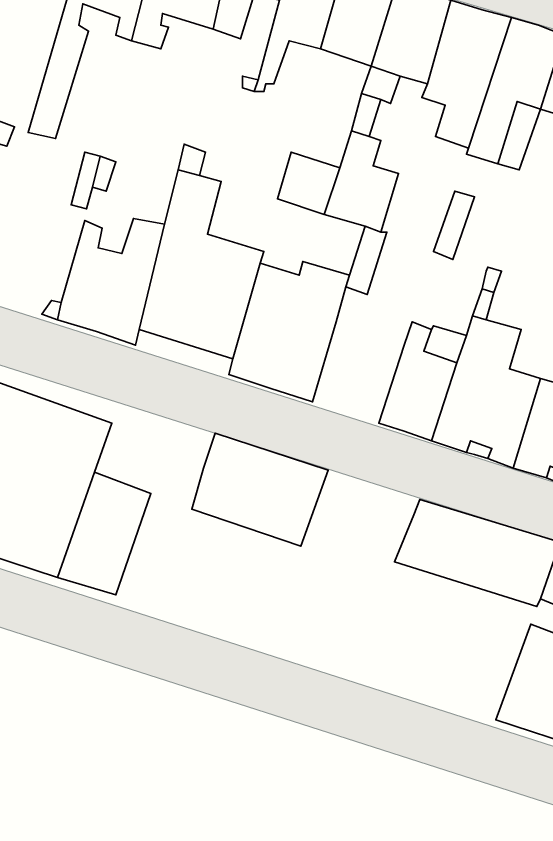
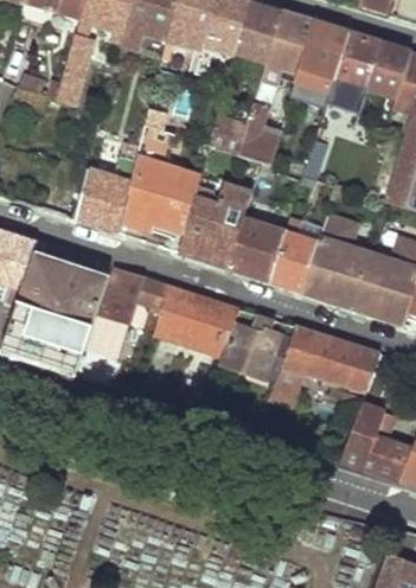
building: none -> [230,218,286,280]
building: none -> [97,268,171,328]
building: none -> [220,308,292,379]

